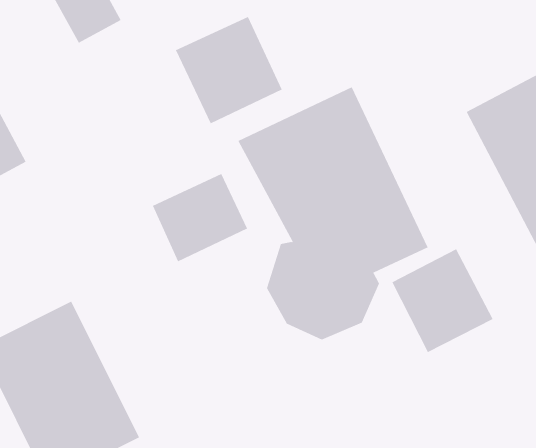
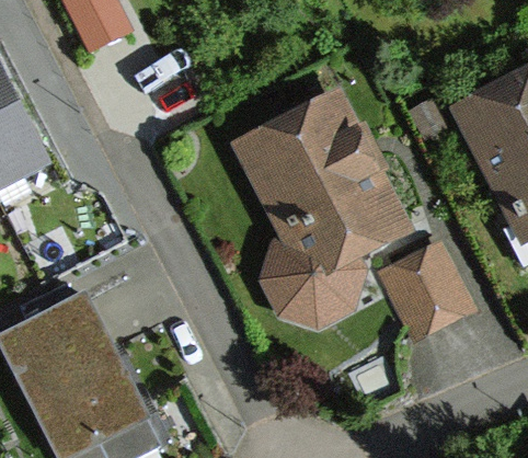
building: [175,16,283,124] -> none
building: [152,173,248,262] -> none

